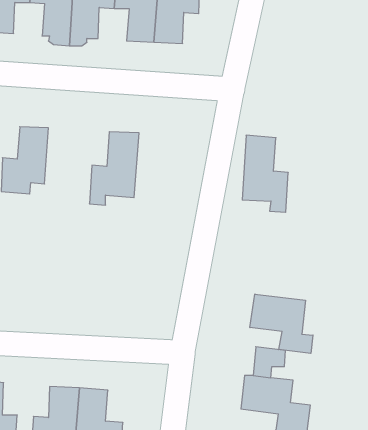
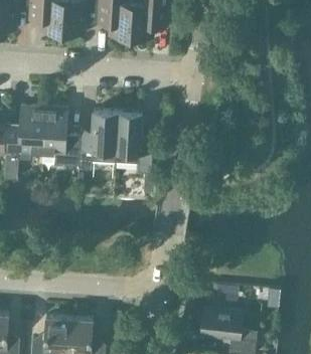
building: none -> [41,108,80,167]
building: [242,135,288,212] -> [115,112,152,174]
building: [250,294,313,353] -> none

